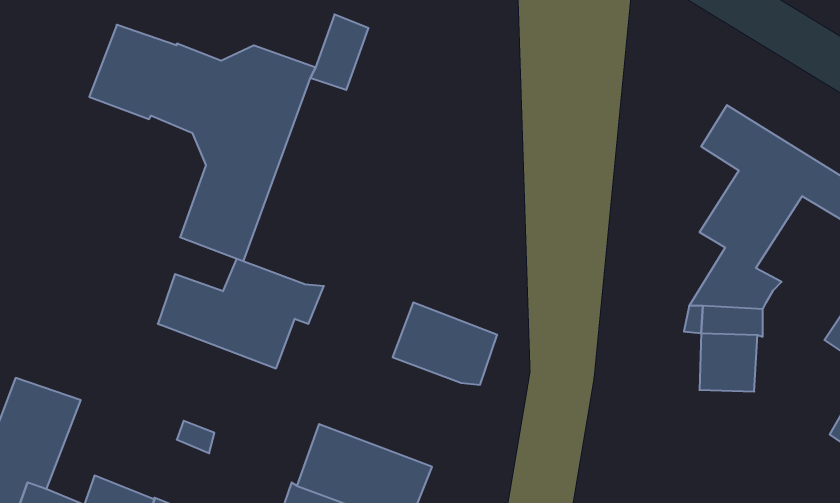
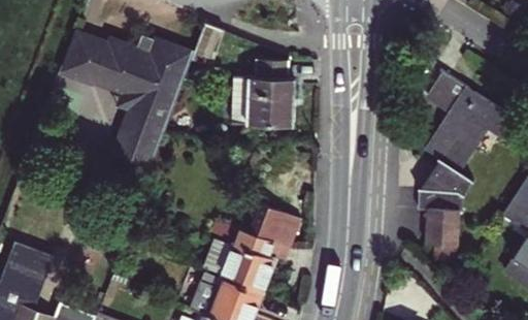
building: none -> [236,59,295,126]
building: [158,259,324,368] -> [194,228,294,294]

